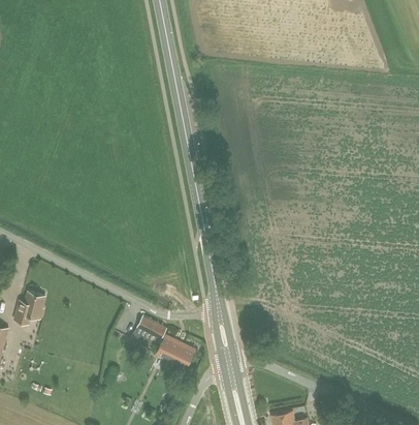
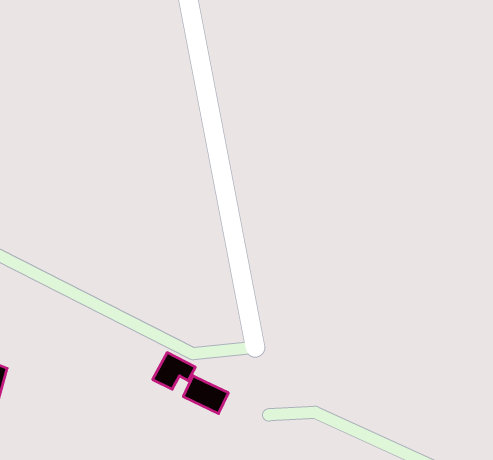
building: [13,289,44,322] -> none

